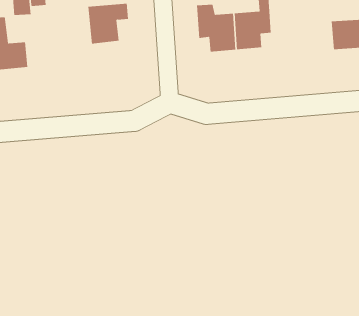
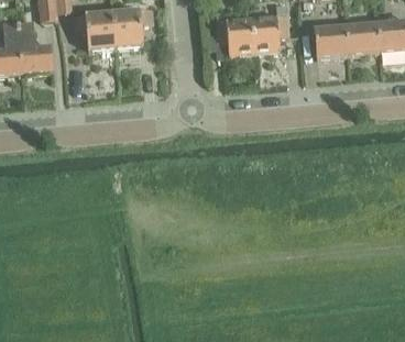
building: none -> [73,11,114,49]
building: none -> [314,25,348,56]

